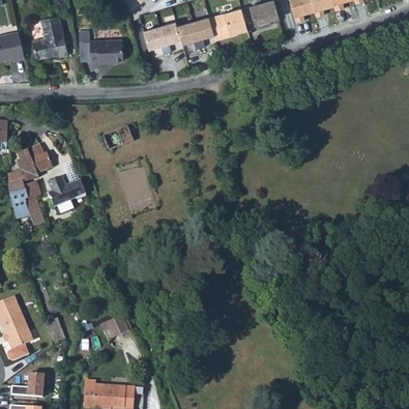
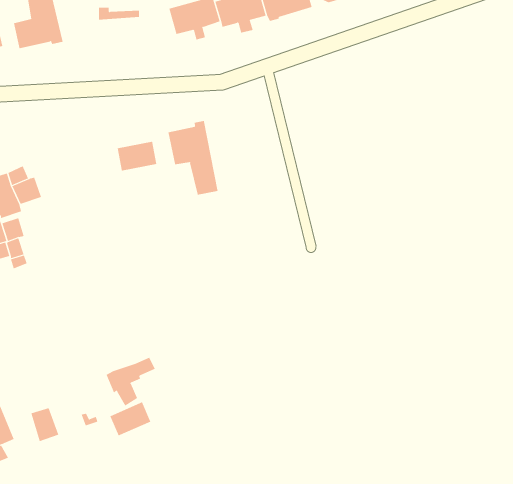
building: [78,31,122,63] -> none
building: none -> [168,120,218,196]
building: [47,176,85,207] -> none
building: none -> [106,357,156,407]

